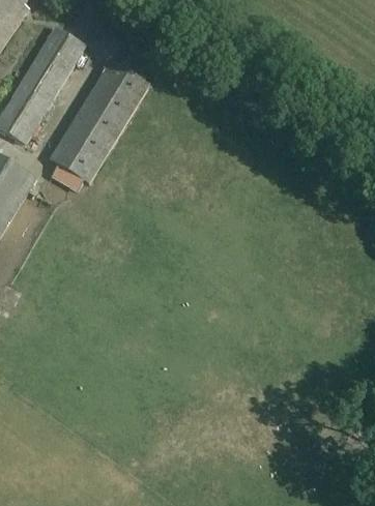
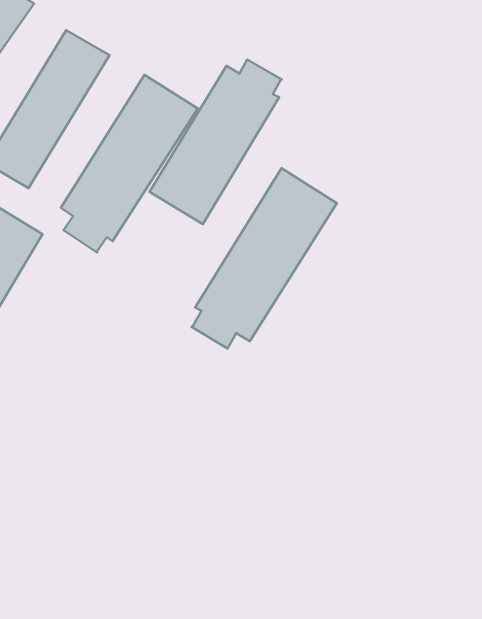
building: none -> [150,59,282,224]
building: none -> [191,168,337,348]

